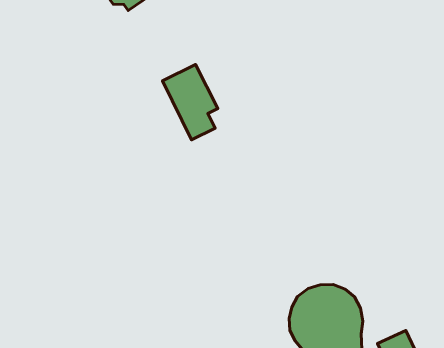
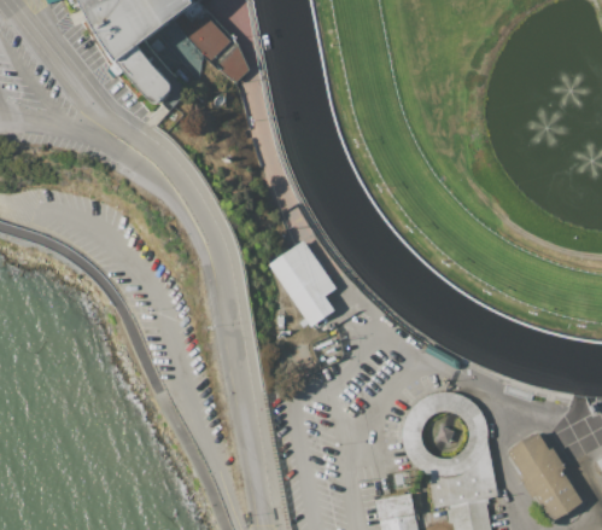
building: [163,64,218,140] -> [268,240,335,327]

